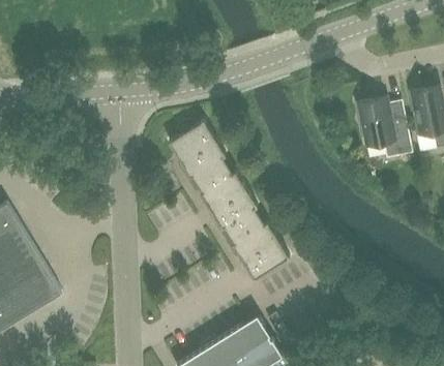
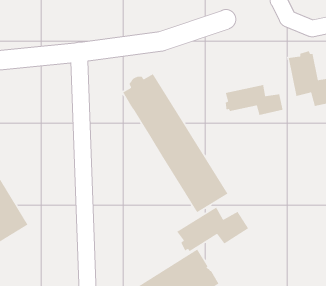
building: none -> [225,84,283,116]
building: none -> [176,207,249,252]

